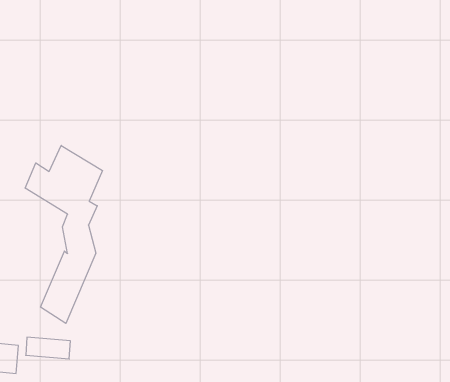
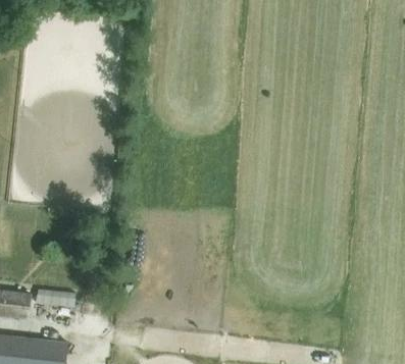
building: [25,145,103,323] -> none

